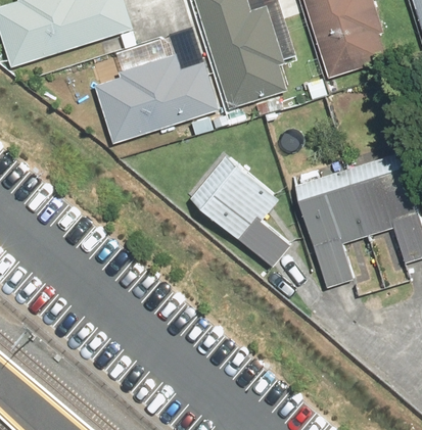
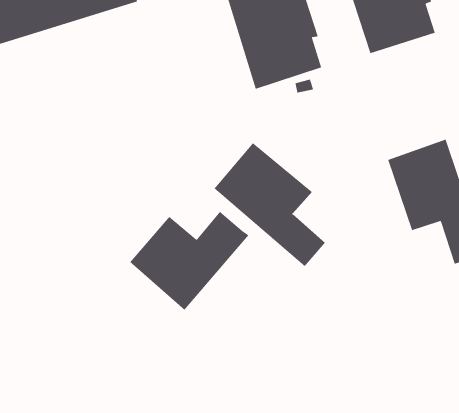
building: [87,56,214,146] -> none
building: [291,157,367,287] -> none
building: none -> [129,211,249,311]

